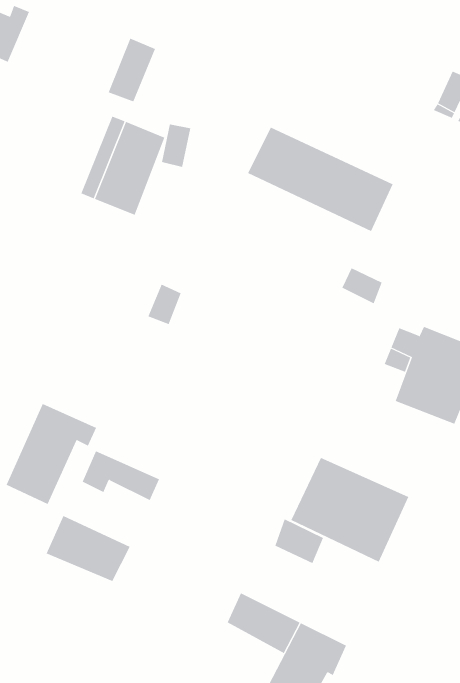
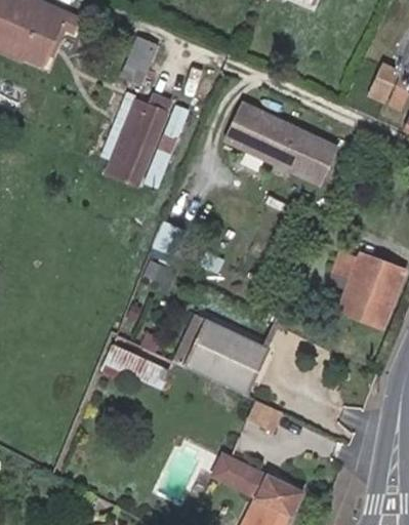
building: [6,403,97,505] -> none
building: [290,457,409,562] -> [173,313,262,392]
building: [46,515,131,582] -> none

